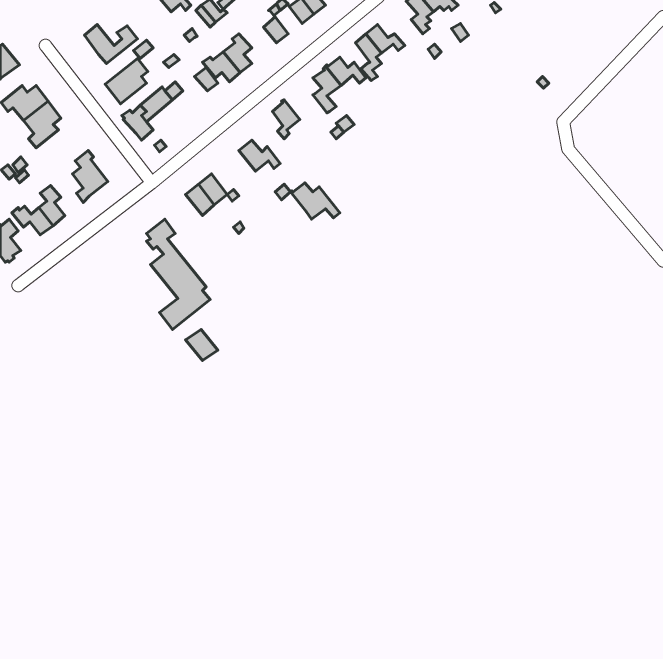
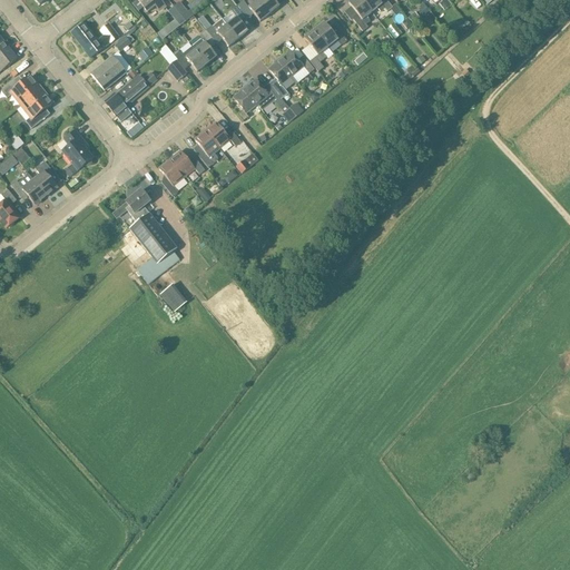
building: none -> [205,17,237,45]
building: none -> [194,129,219,166]
building: [291,183,340,219] -> [244,78,286,109]

